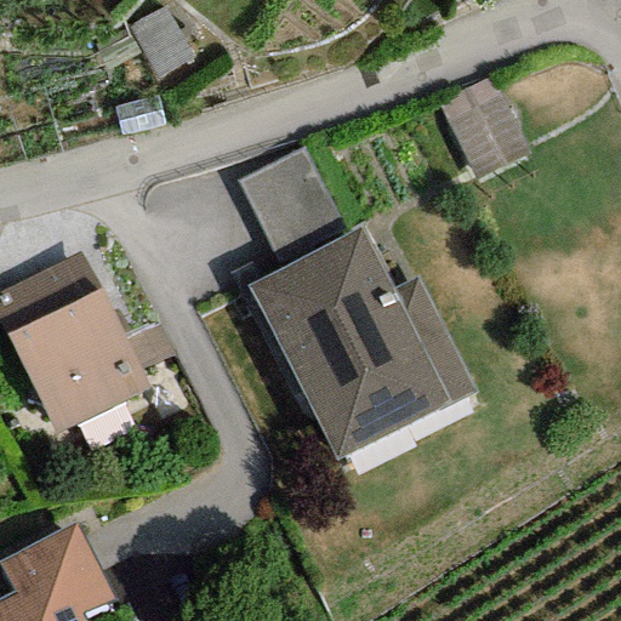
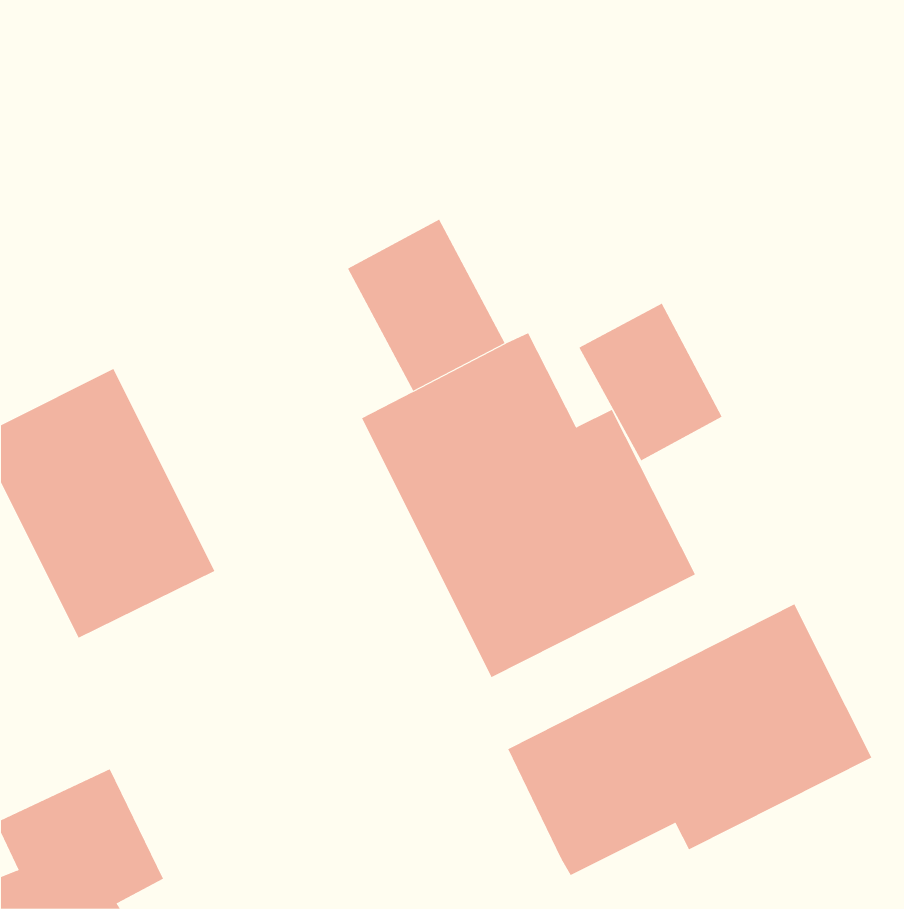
building: [437,74,535,182] -> [578,303,723,461]
building: none -> [508,603,872,876]

